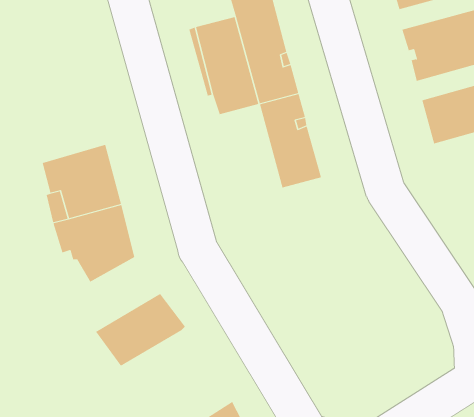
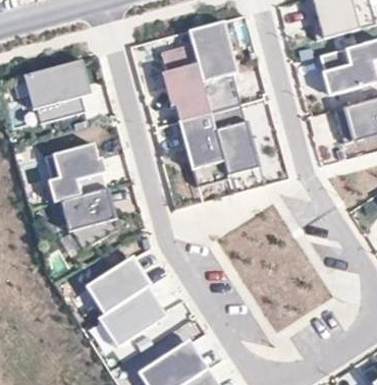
building: none -> [25,57,93,123]
building: none -> [180,112,229,187]
building: none -> [98,285,166,342]

